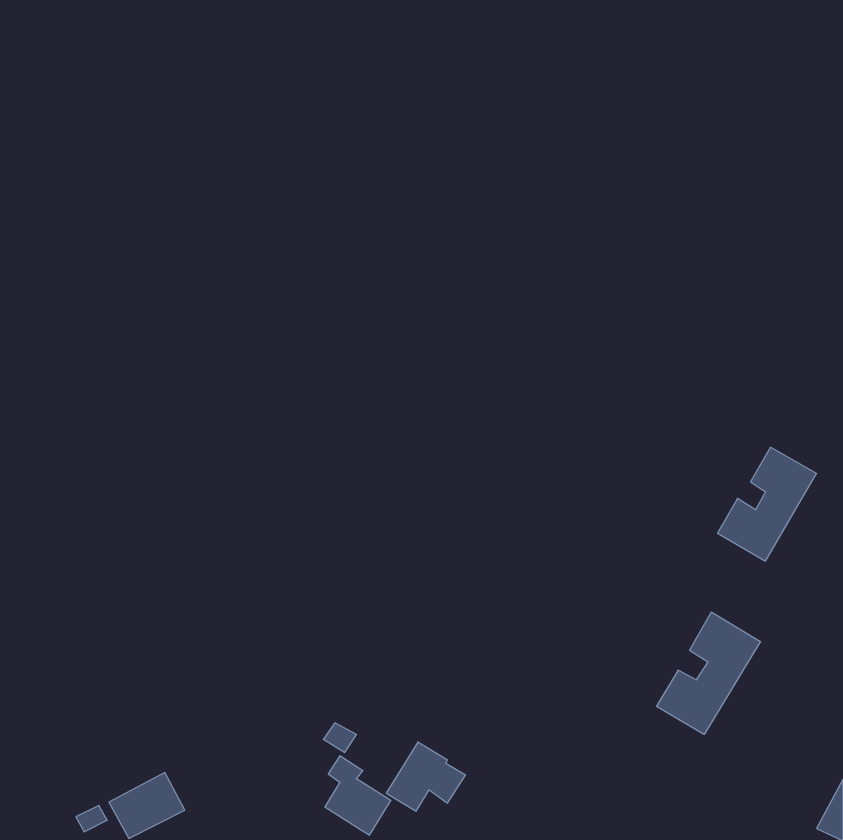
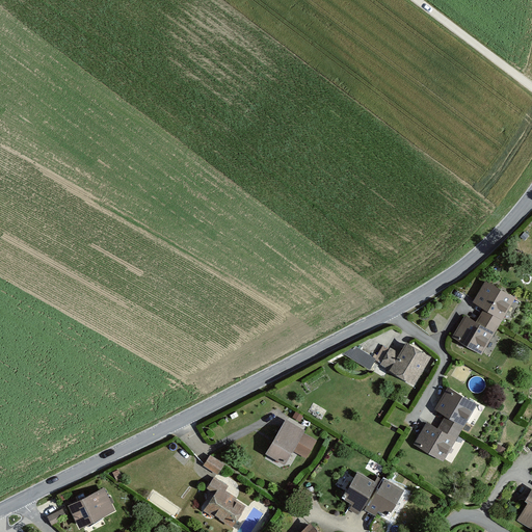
building: none -> [372,343,430,385]
building: [386,742,466,811] -> [267,419,317,462]
building: none -> [342,473,402,521]

